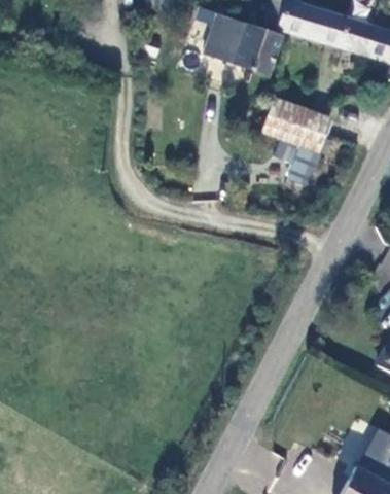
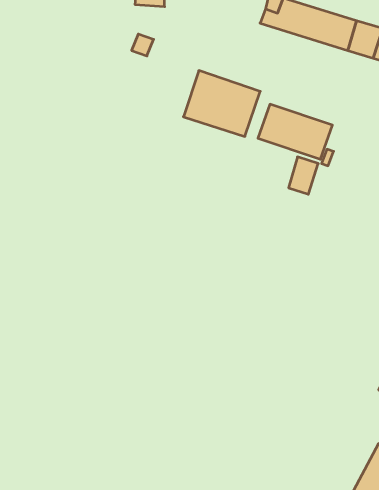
building: [211,16,283,78] -> [183,71,260,136]

